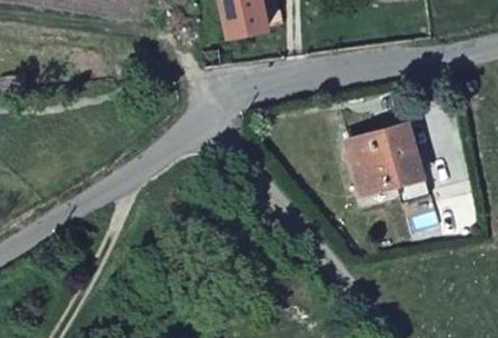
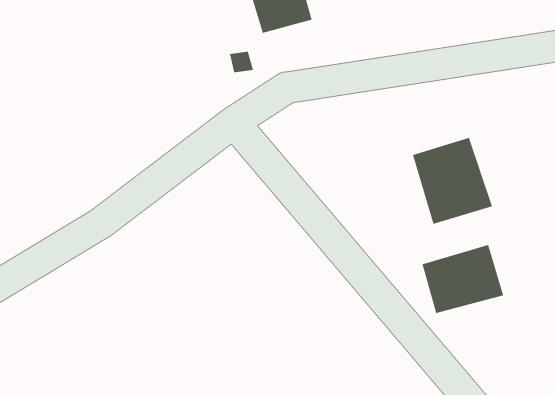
building: none -> [422,244,504,314]

